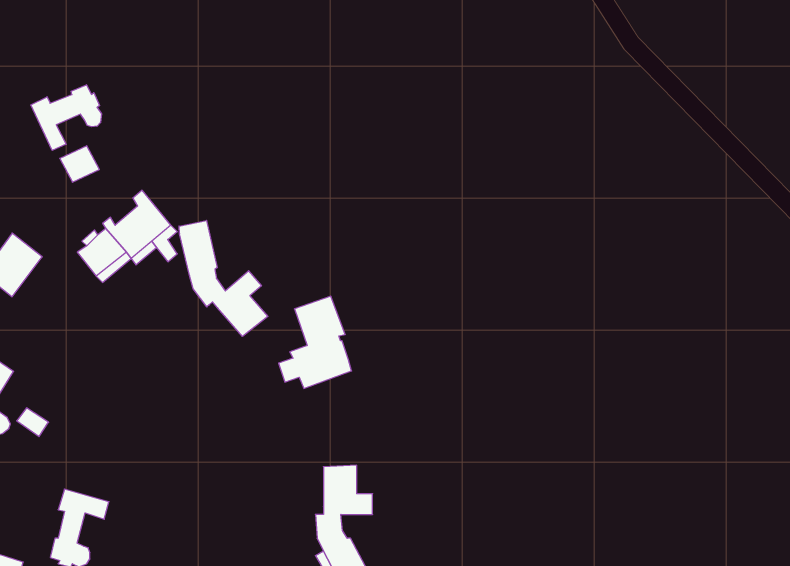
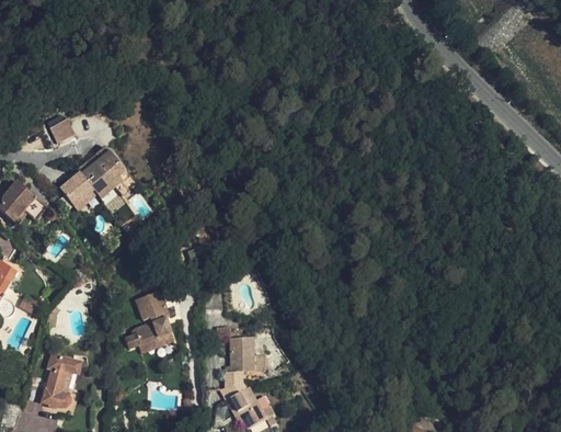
building: [31,85,101,150] -> none
building: [179,220,268,336] -> none
building: [279,296,352,388] -> [124,291,174,354]

